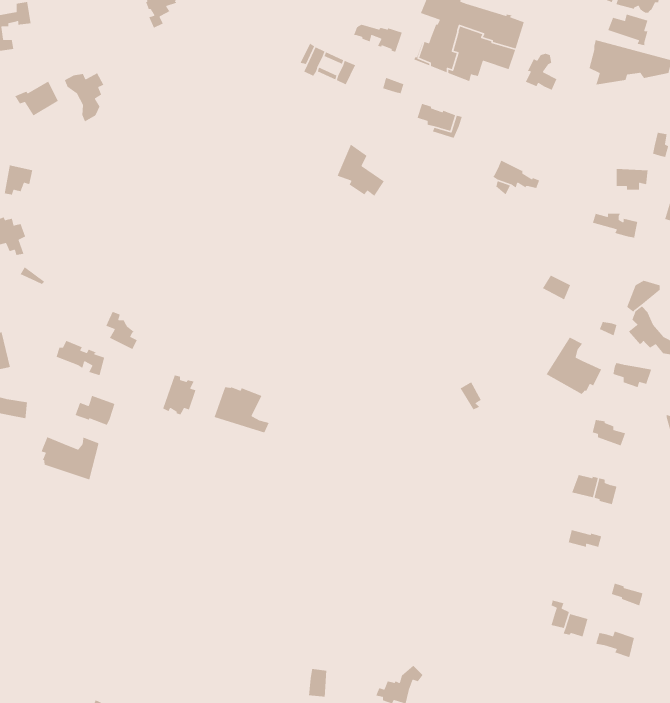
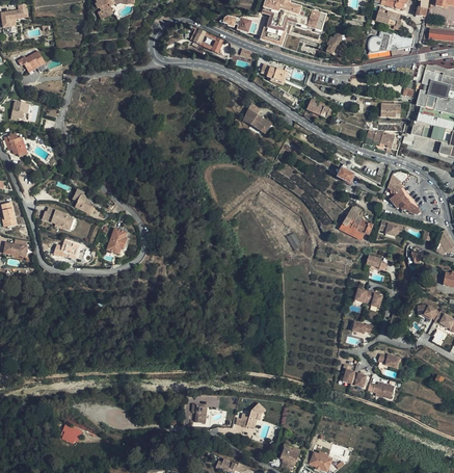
building: [64,72,105,122] -> none
building: [337,143,385,197] -> [244,102,273,134]
building: [214,386,270,433] -> none
building: [41,436,100,480] -> none

